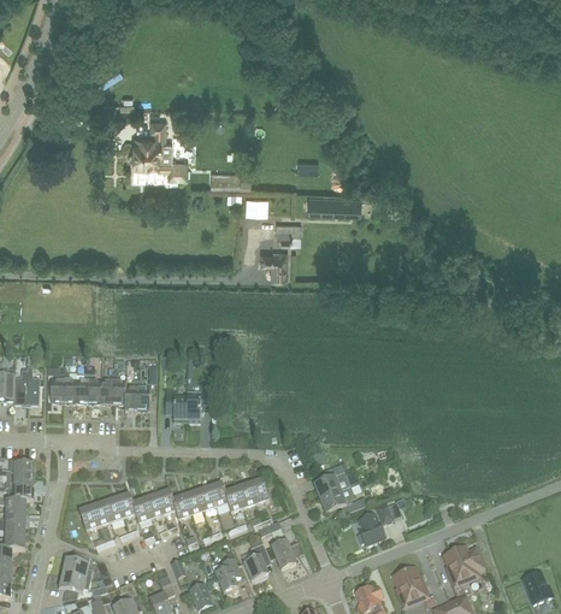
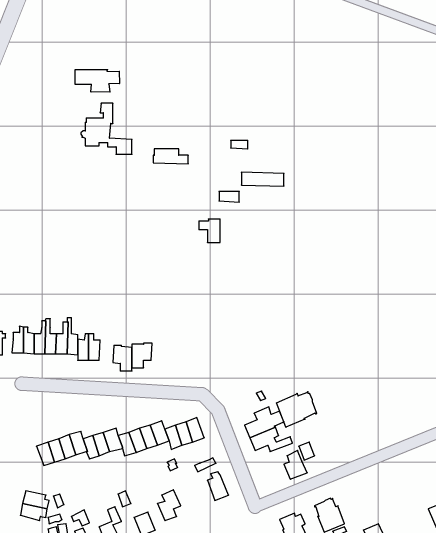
building: none -> [75,70,119,92]
building: none -> [276,392,317,427]
building: [242,543,268,581] -> none
building: [443,547,483,585] -> none

